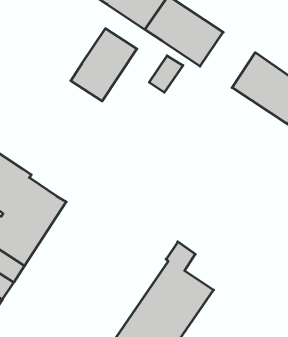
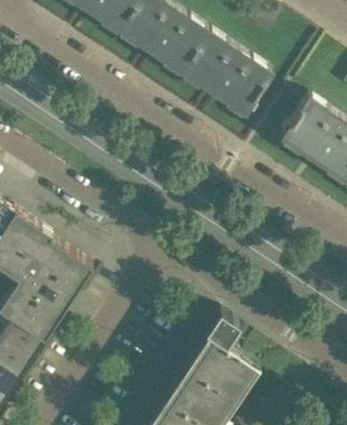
building: [71,29,137,101] -> none
building: [149,56,183,92] -> none

